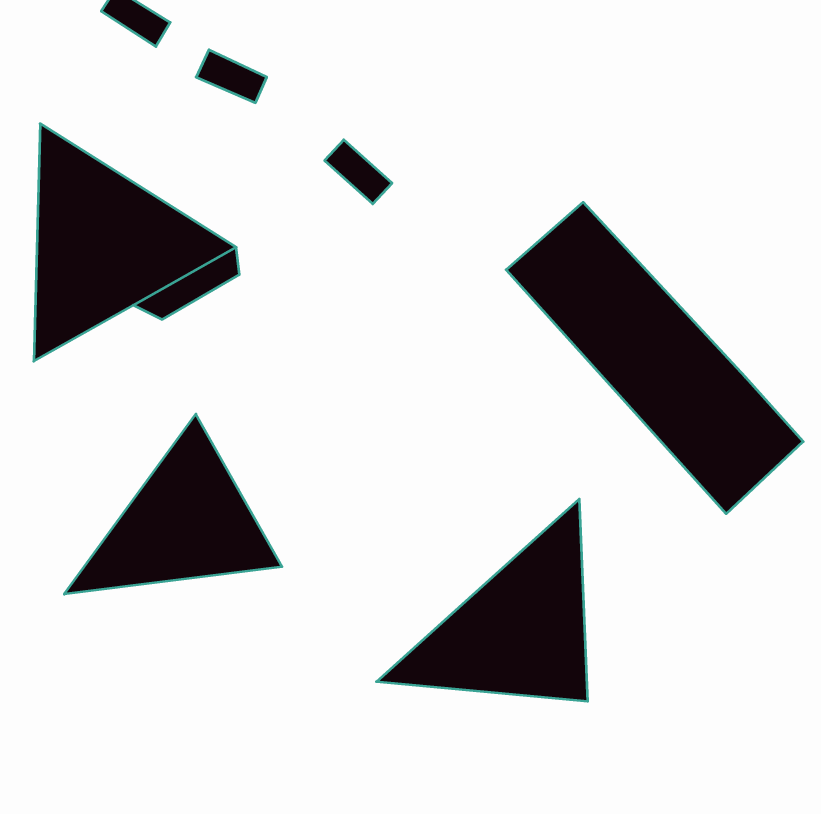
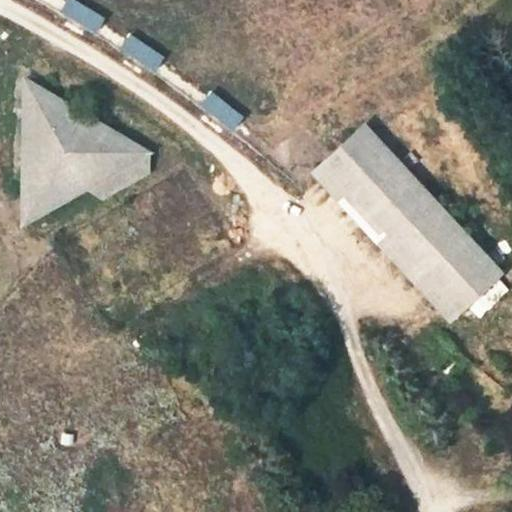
building: [64,414,282,594] -> none
building: [376,499,588,701] -> none

